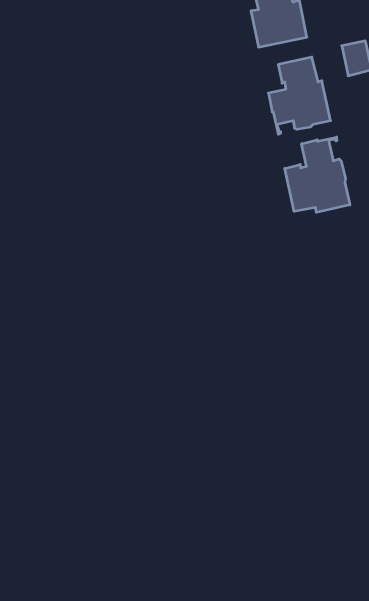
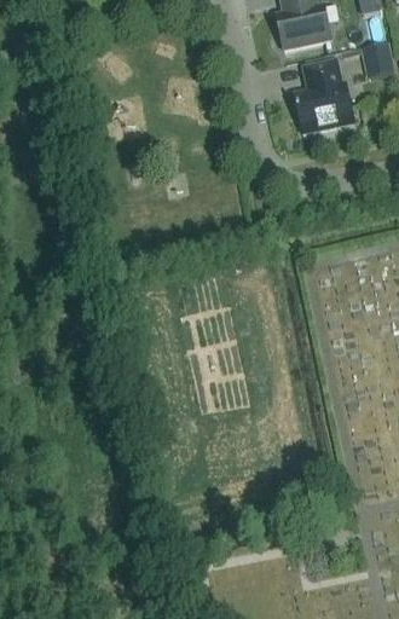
building: [285,137,350,212] -> none

